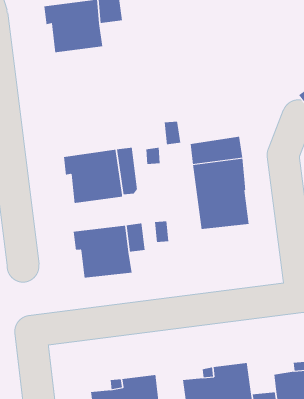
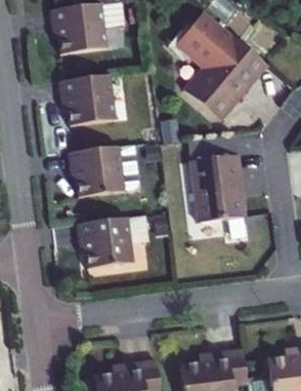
building: none -> [176,11,267,120]
building: none -> [59,75,116,125]

